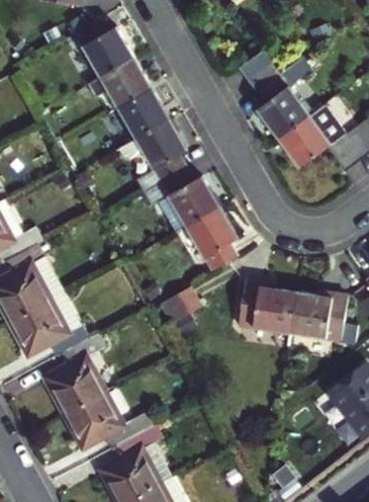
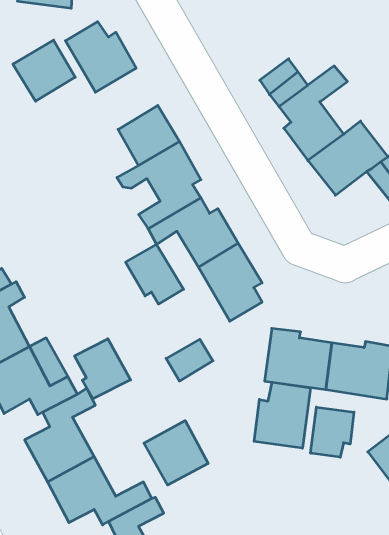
building: [103,63,156,114] -> [13,40,75,101]
building: none -> [126,244,184,304]
building: none -> [75,339,131,399]
building: none -> [254,382,311,448]
building: none -> [311,407,354,457]
building: none -> [144,421,208,485]

